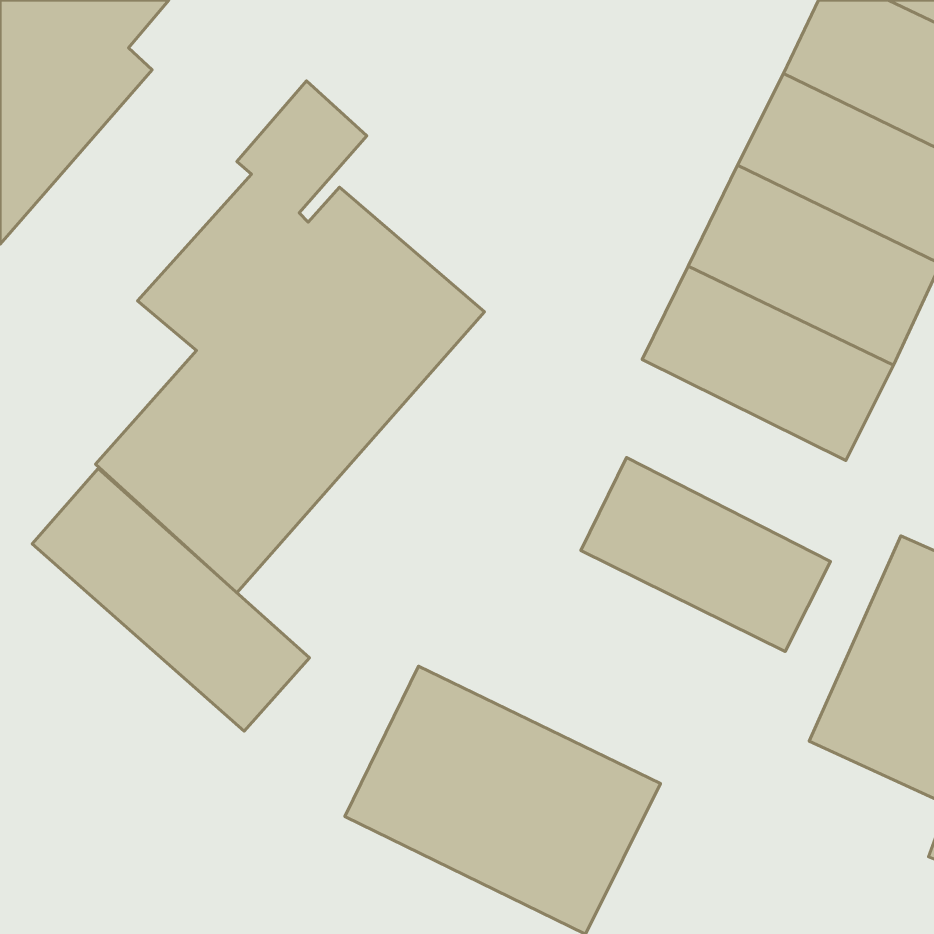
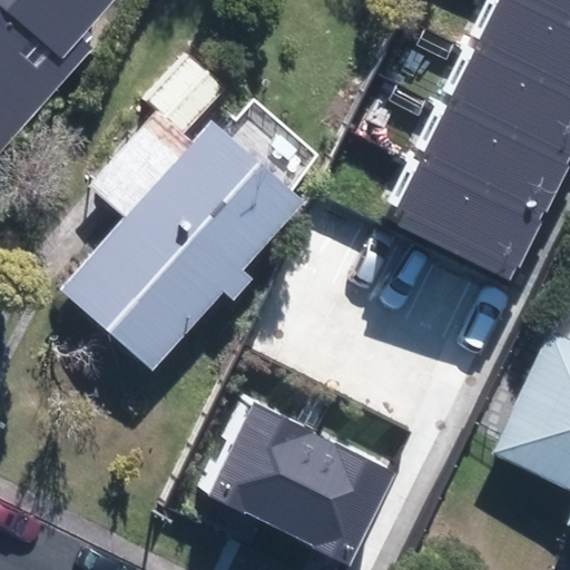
building: [581,458,831,652] -> none
building: [32,468,309,731] -> none

